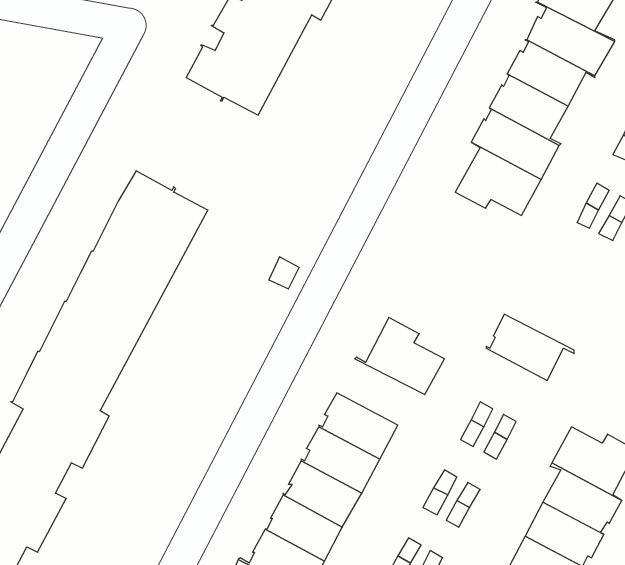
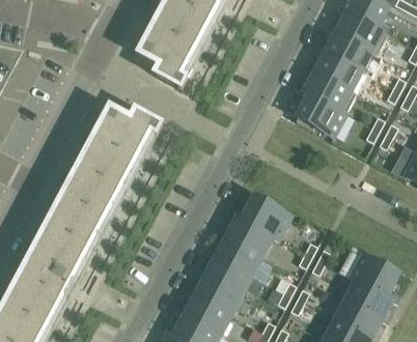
building: [486,314,574,380] -> [227,213,278,252]

